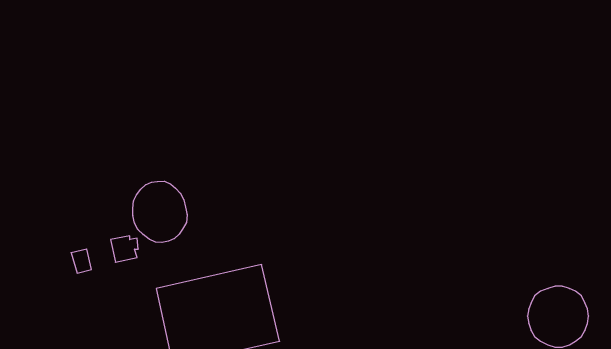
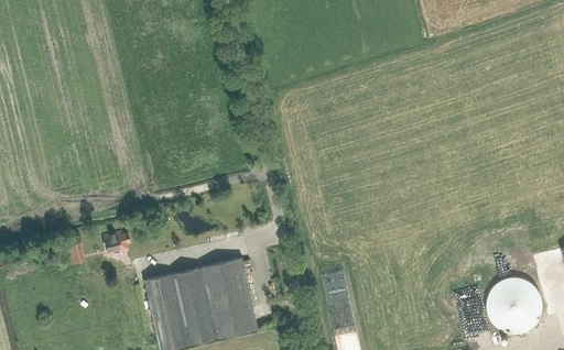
building: [133,181,187,242] -> none

